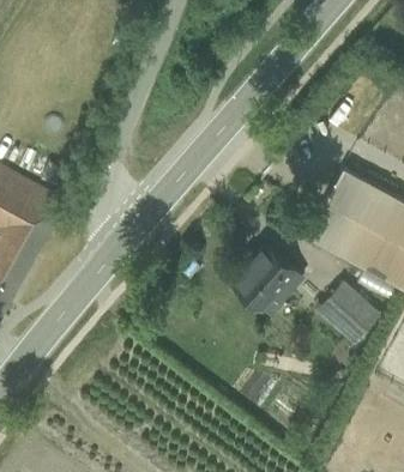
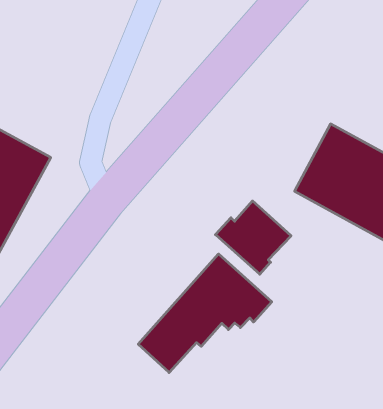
building: [316,279,381,343] -> none
building: none -> [138,254,272,373]

